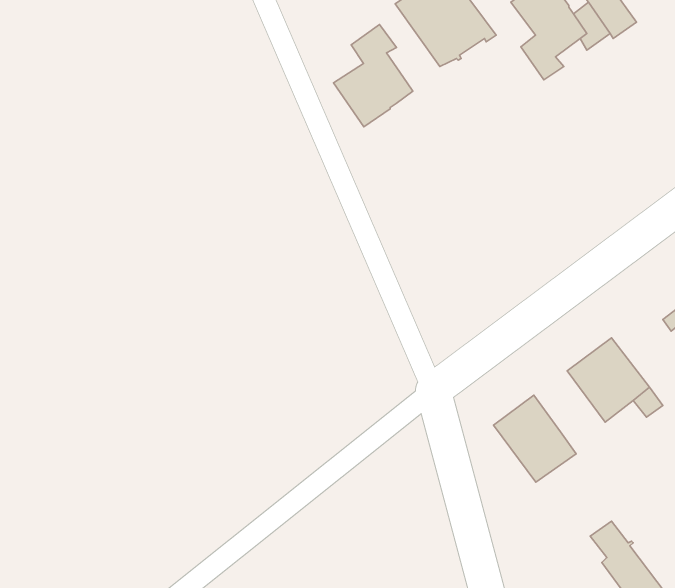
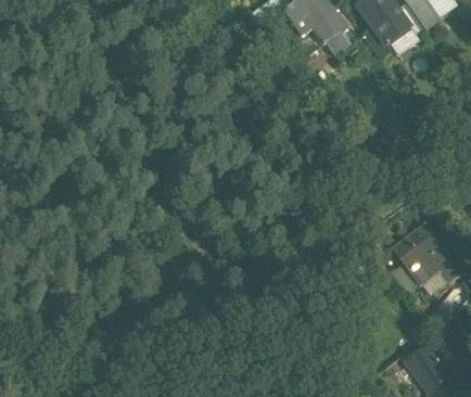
building: [334,25,413,127] -> none
building: [493,395,576,482] -> none

